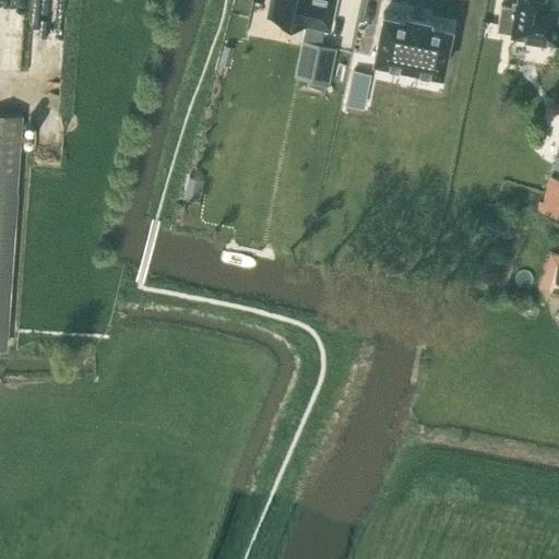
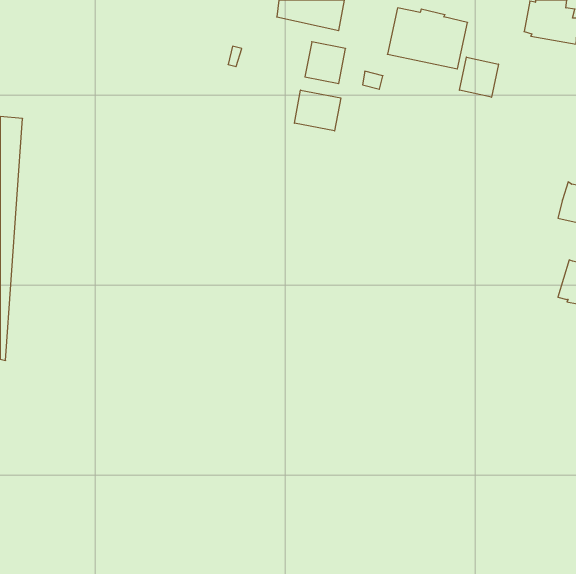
building: none -> [459,57,498,97]
building: none -> [294,90,341,131]

